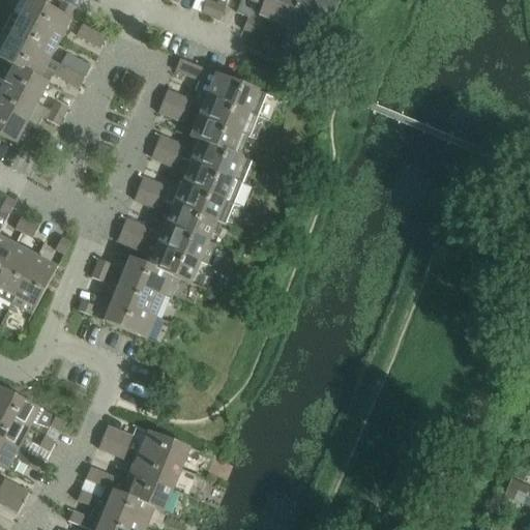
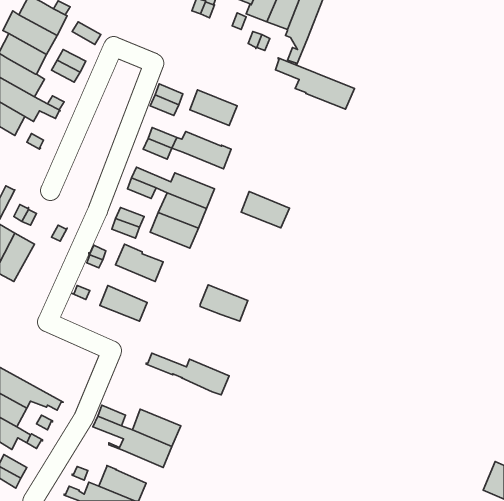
building: [175,57,258,111] -> [275,58,354,109]
building: [190,115,240,153] -> none
building: [183,159,234,198] -> [241,191,290,228]
building: [149,243,199,282] -> [200,285,248,321]
building: [14,256,56,305] -> none
building: [113,277,163,317] -> none
building: [84,466,171,509] -> [146,353,229,395]

